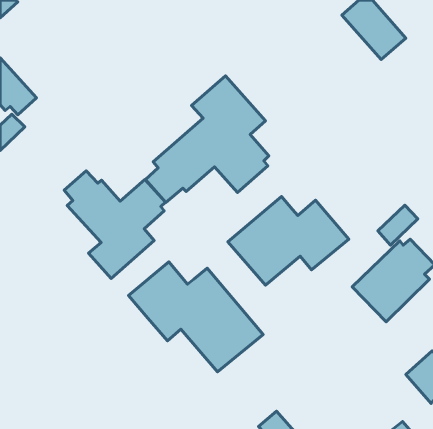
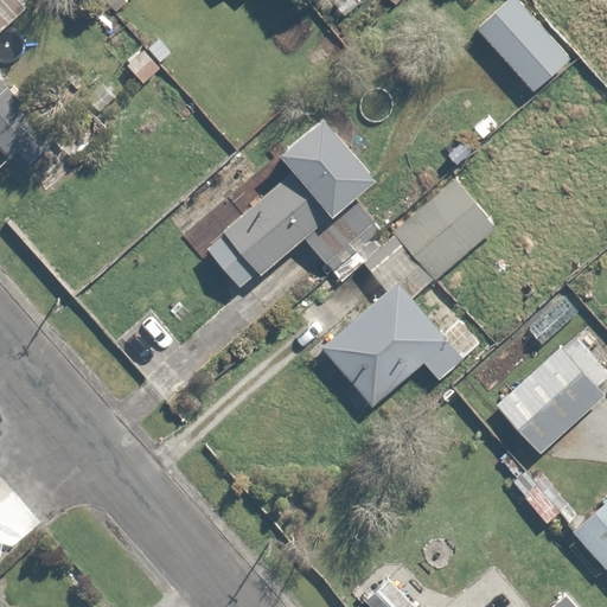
building: none -> [379,179,496,300]
building: [64,171,165,279] -> none
building: [128,262,263,372] -> none

